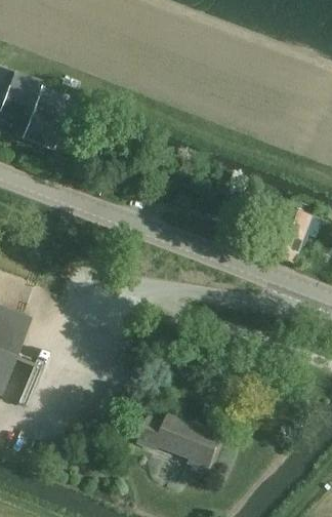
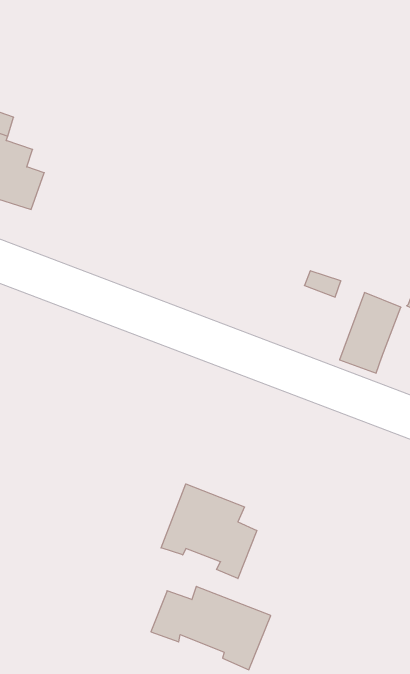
building: none -> [161,484,257,579]

